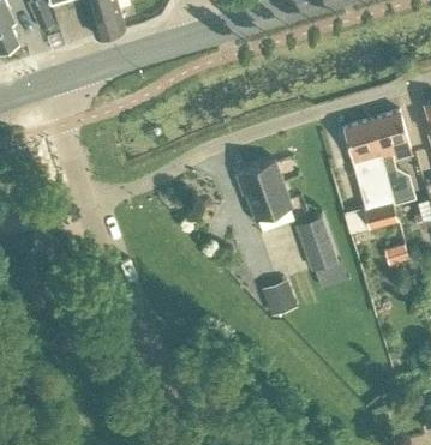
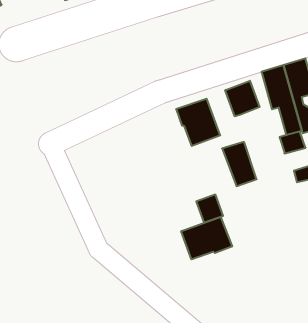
building: none -> [225,81,260,116]
building: none -> [181,217,232,259]

